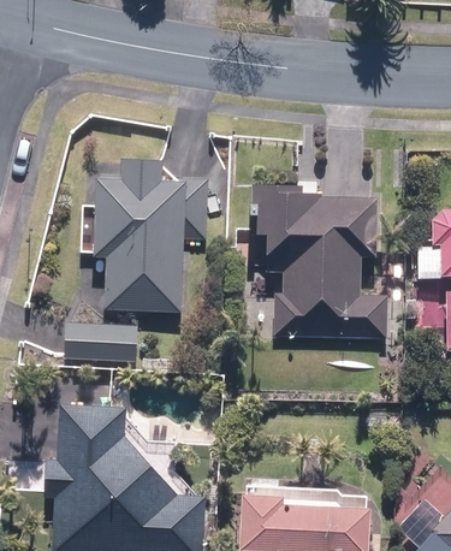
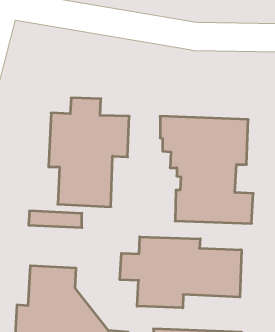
building: none -> [120,237,241,308]

